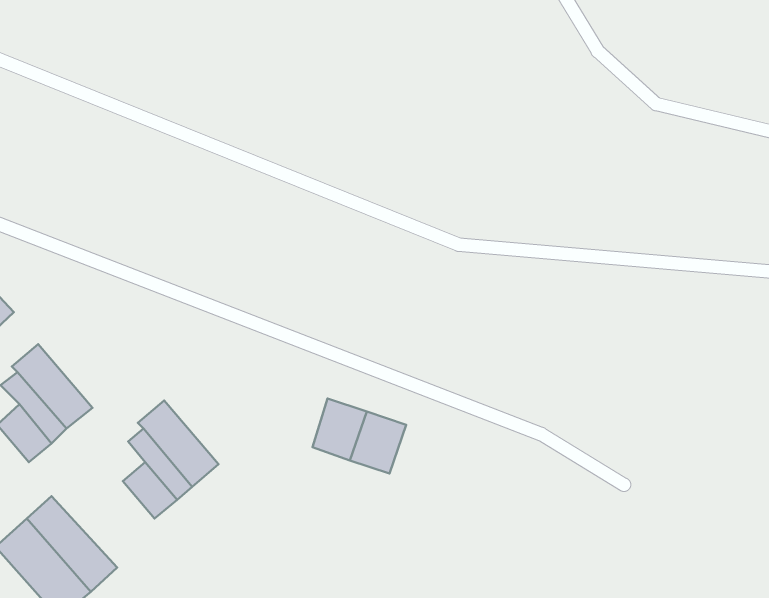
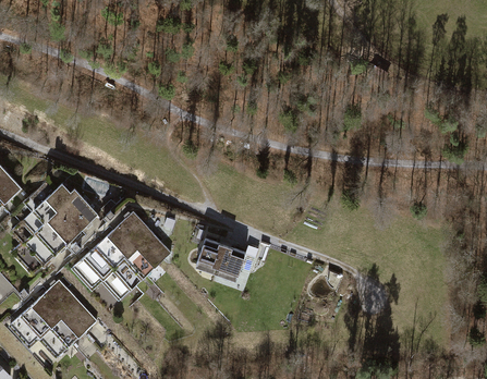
building: none -> [35,183,97,243]
building: none -> [108,216,170,276]
building: none -> [42,280,97,335]

